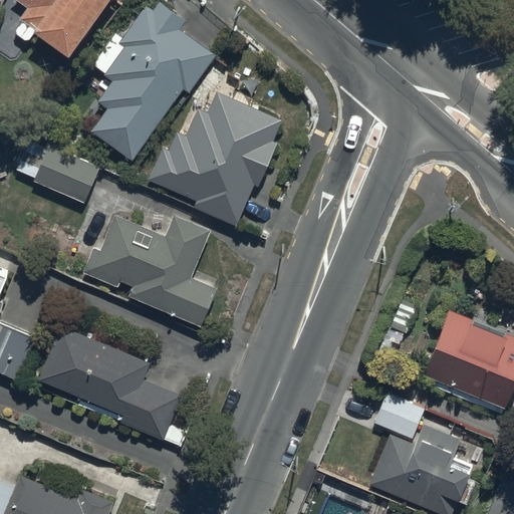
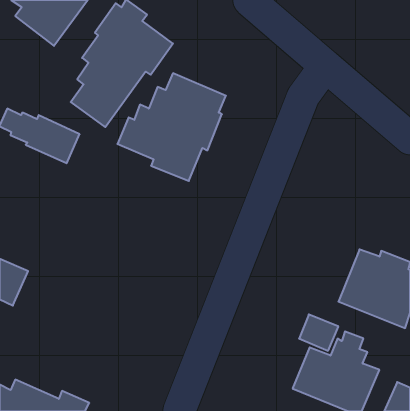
building: [82,214,217,328] -> none
building: [38,325,186,447] -> none

